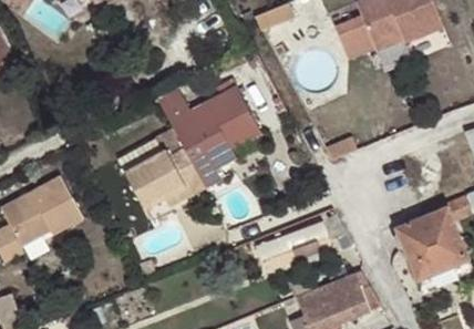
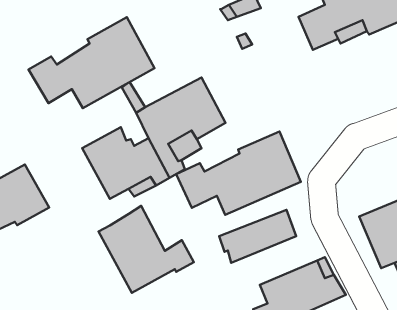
building: none -> [28,17,155,108]
building: none -> [176,131,301,215]
building: none -> [99,206,194,293]

